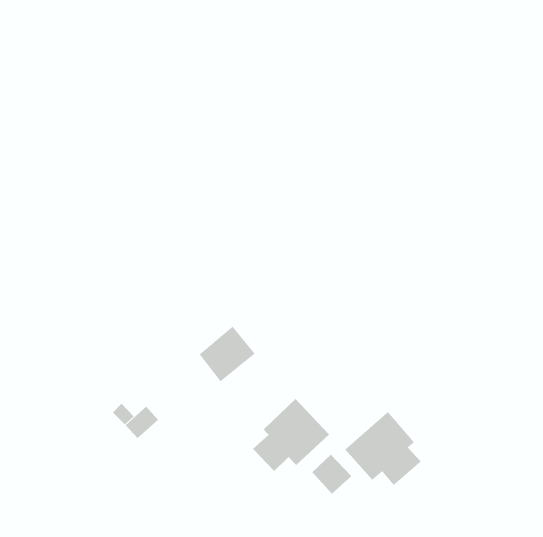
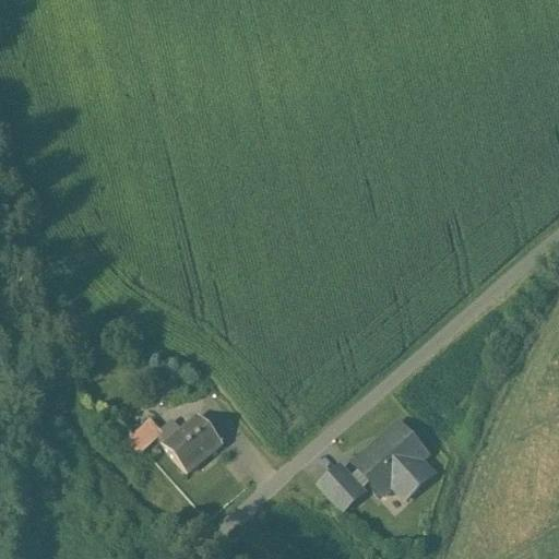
building: [199,326,255,382] -> [165,413,223,471]
building: [252,398,330,472] -> none

